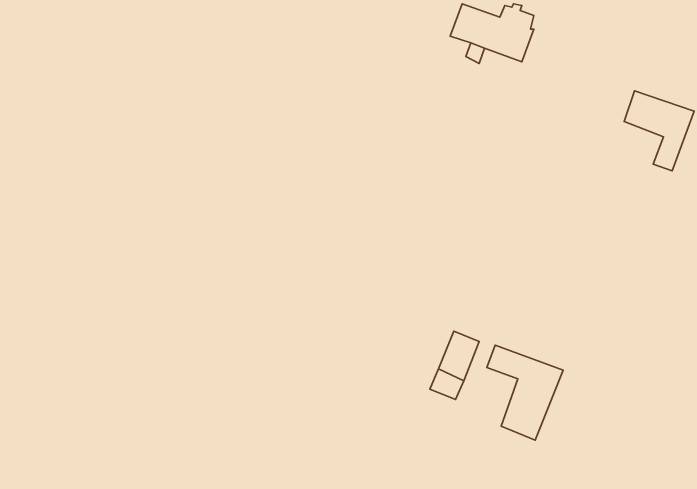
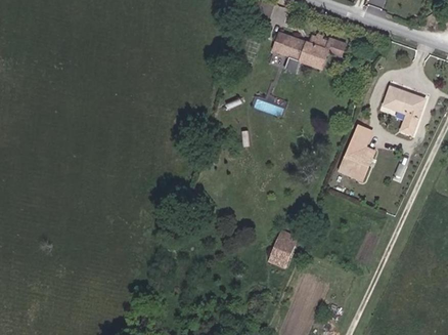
building: none -> [339,125,374,180]
building: [487,345,563,440] -> none

